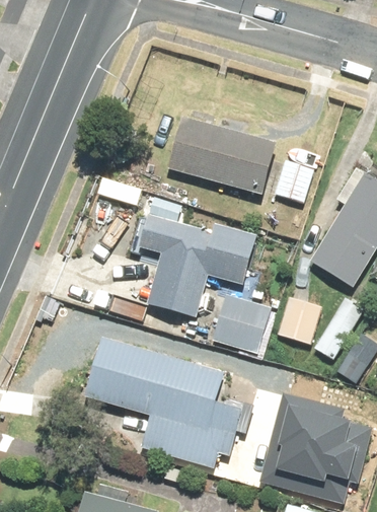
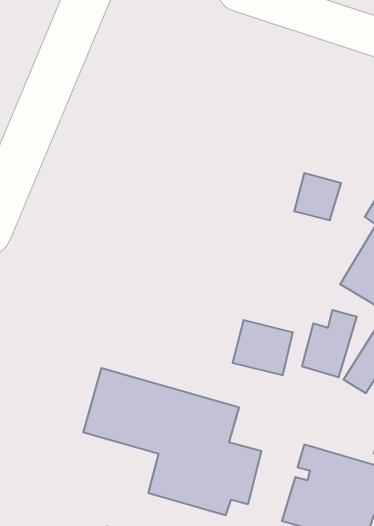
building: [170,113,278,194] -> none
building: [141,214,257,317] -> none

